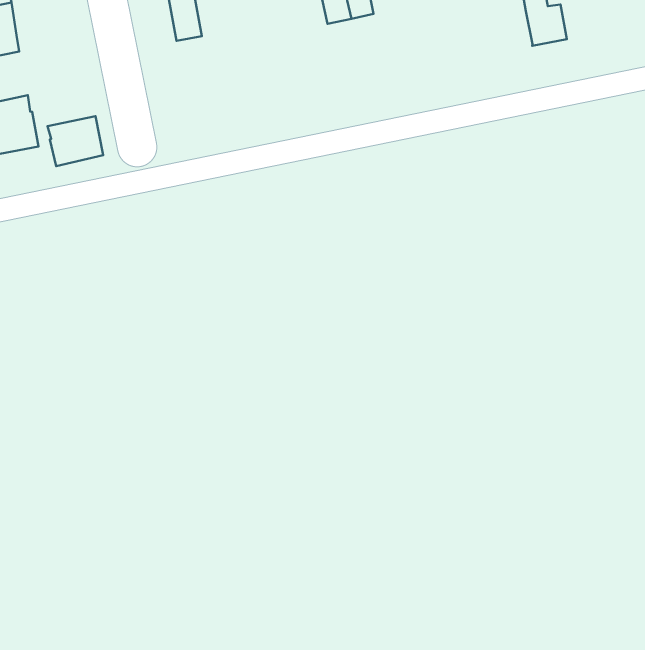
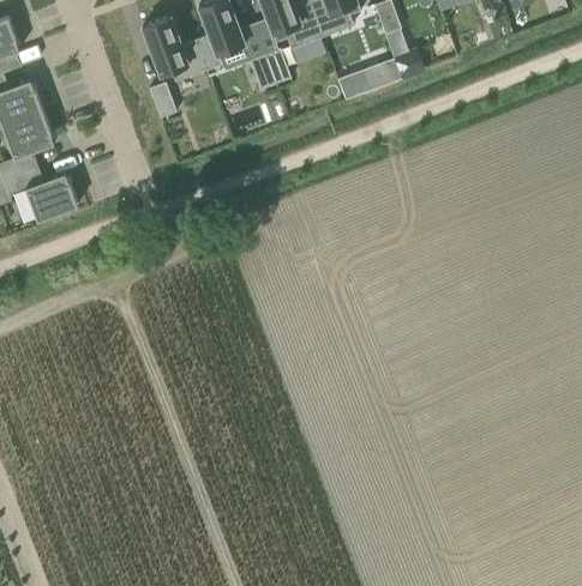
building: none -> [361,58,402,91]
building: [48,116,103,166] -> none

